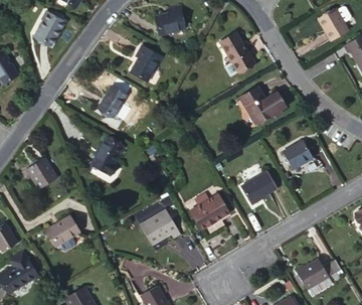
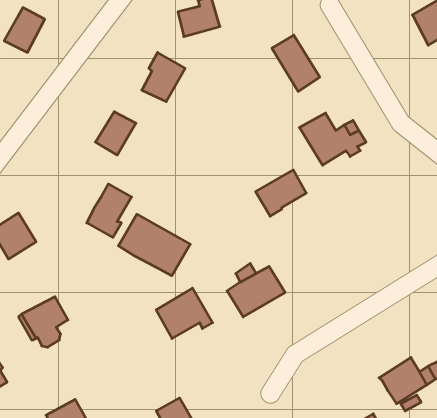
building: [284,140,313,168] -> none
building: none -> [118,214,190,276]
building: [241,172,277,204] -> [256,170,306,216]

